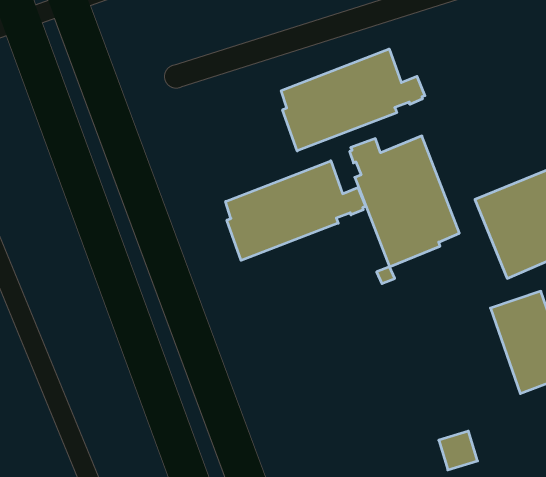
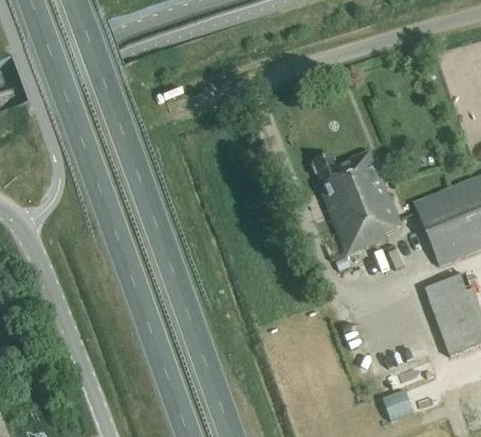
building: [281,49,425,151] -> none
building: [226,161,366,260] -> none

